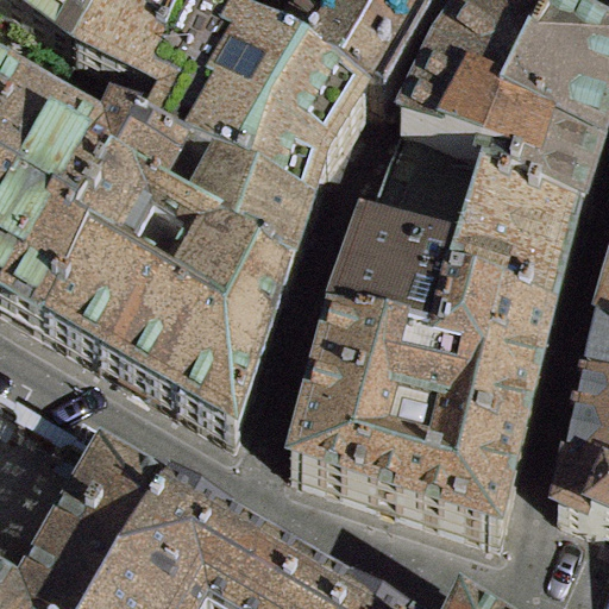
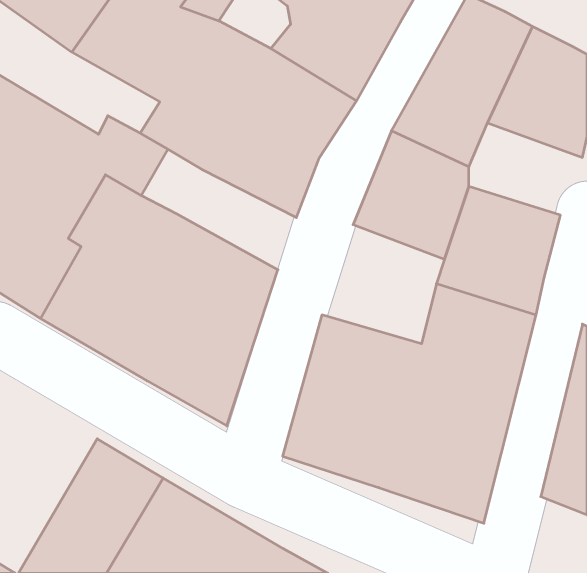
building: [482,126,598,221] -> none
building: [182,174,304,277] -> none
building: [331,231,457,353] -> none

